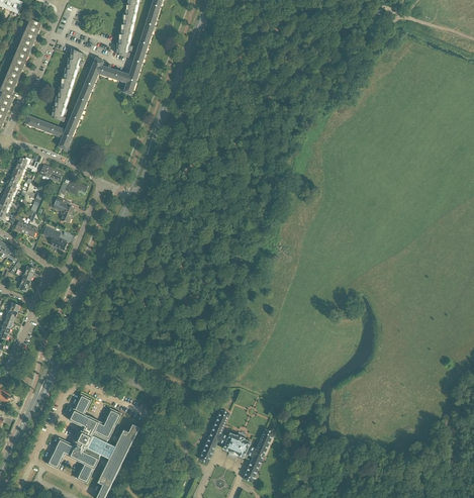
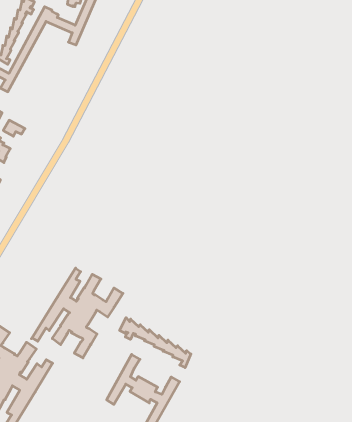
building: none -> [31,268,123,358]
building: none -> [120,318,191,368]

